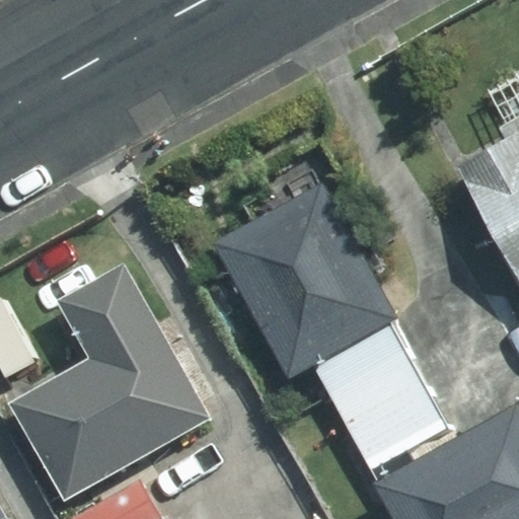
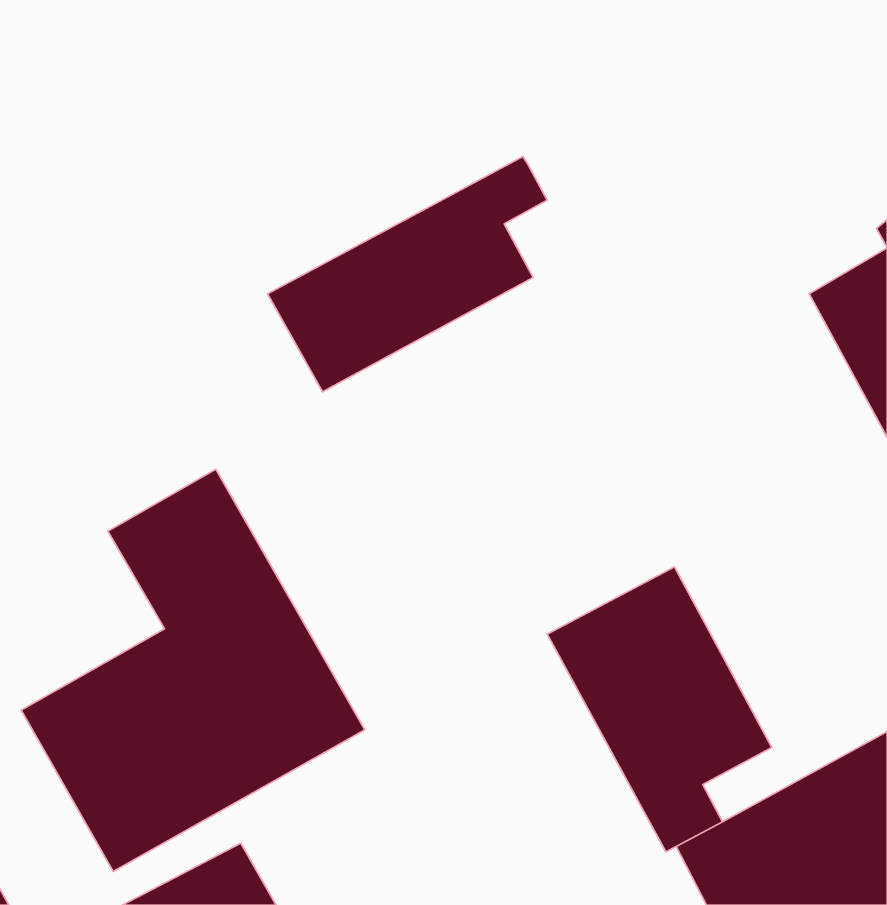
building: none -> [268,156,547,392]
building: [217,188,394,376] -> none

